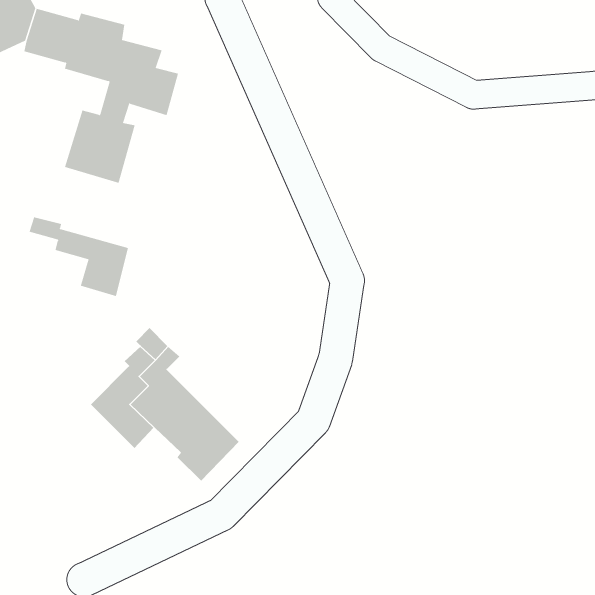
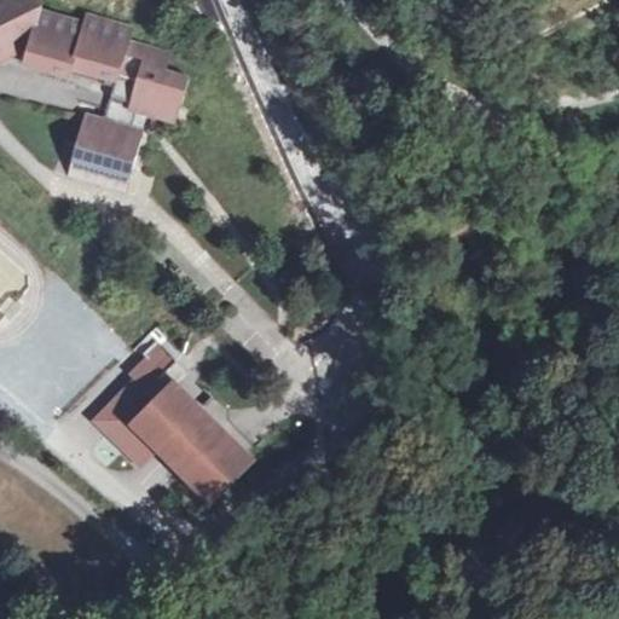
building: [29,216,128,297] -> none

